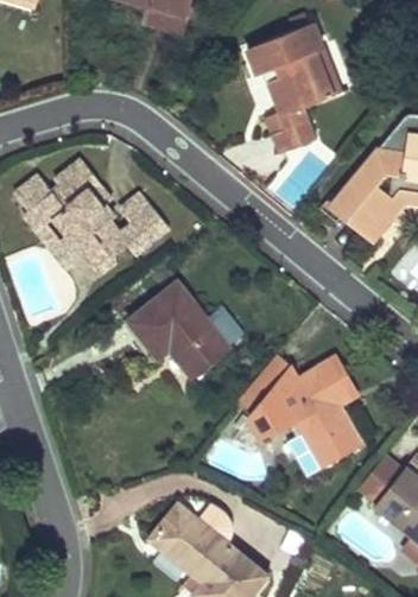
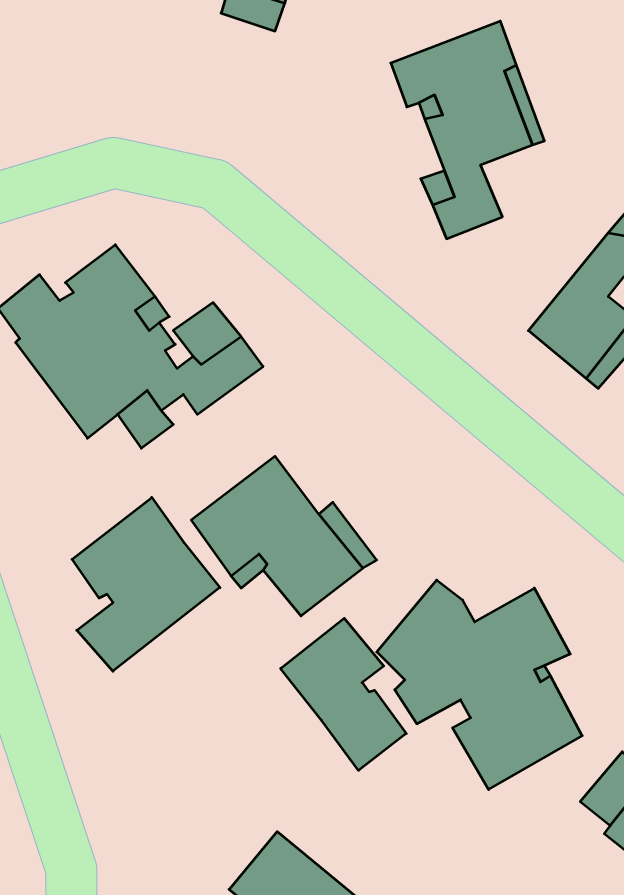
building: none -> [72,497,220,671]
building: none -> [281,618,406,770]

